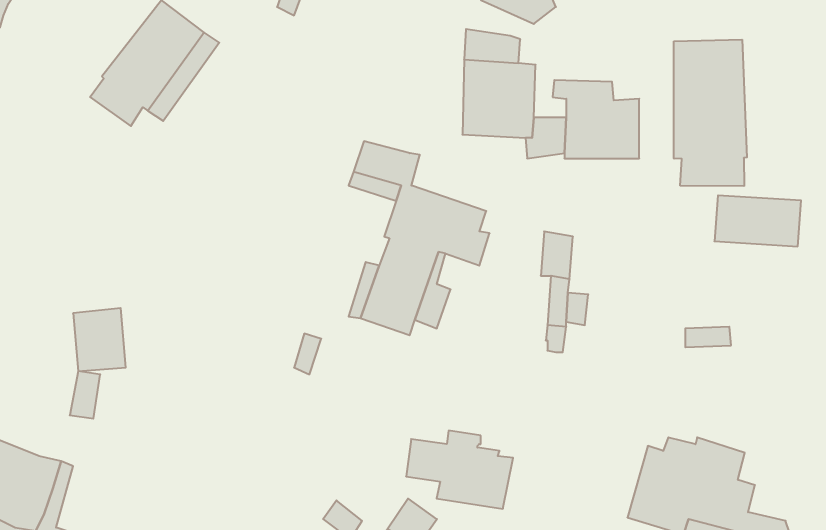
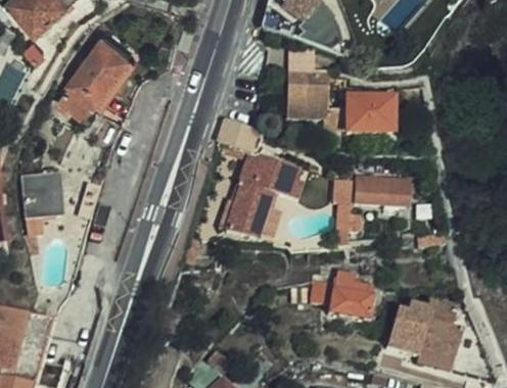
building: [674,40,747,186] -> none
building: [714,195,801,246] -> [356,178,408,208]
building: [73,308,126,371] -> [35,176,66,213]
building: [406,431,513,509] -> [310,273,374,320]

